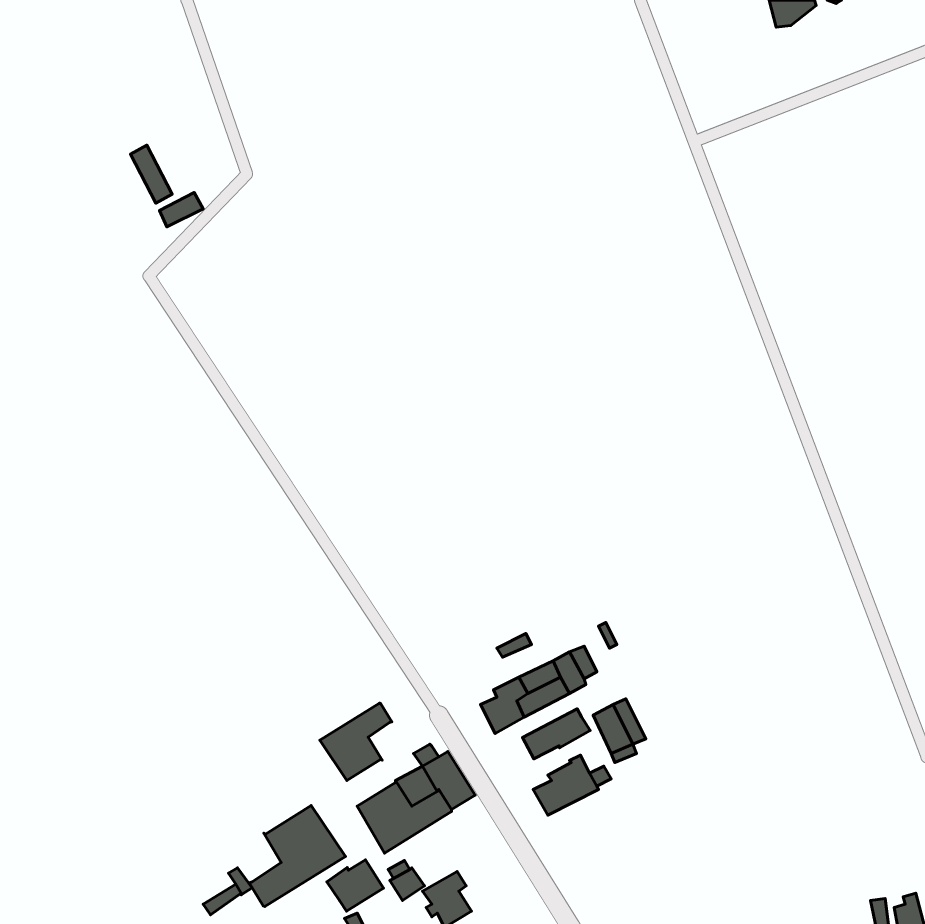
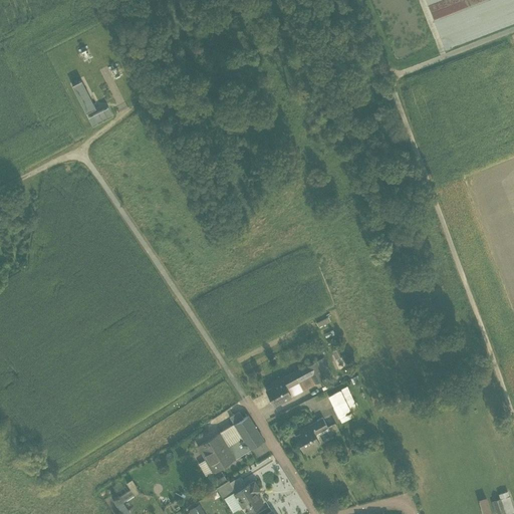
building: [320,703,392,780] -> none
building: [522,709,590,759] -> none
building: [249,806,345,907] -> none
building: [327,860,383,911] -> none

